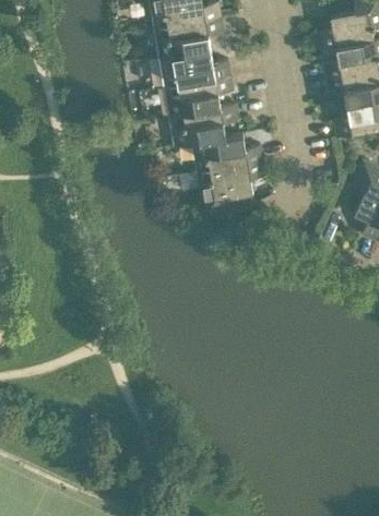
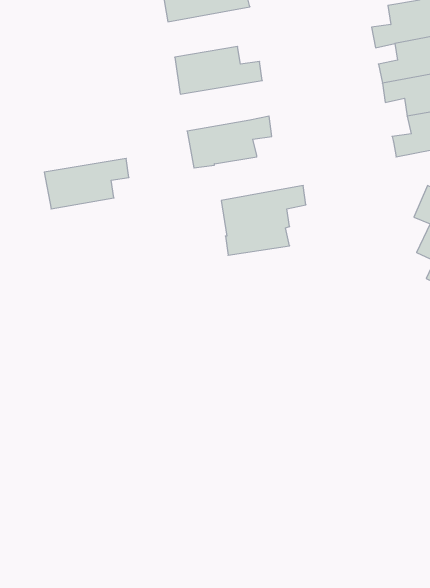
building: [154,13,222,53] -> none
building: [164,72,232,112] -> [44,158,129,209]
building: [191,130,262,168] -> none

